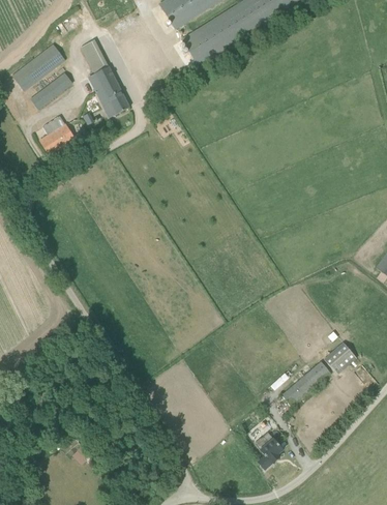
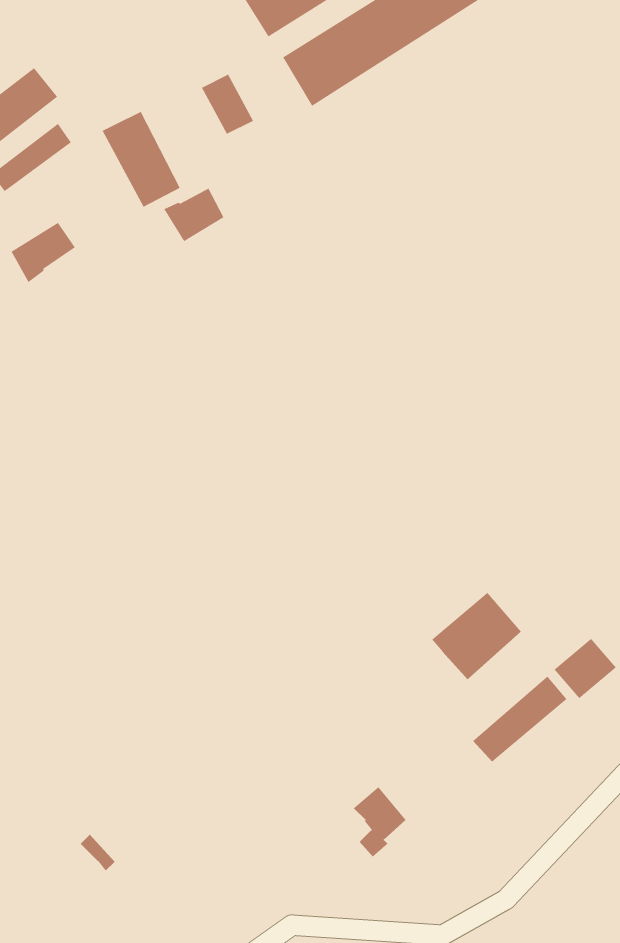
building: [81,39,109,71] -> [201,74,254,135]
building: none -> [163,188,225,242]
building: none -> [431,592,522,680]
building: [255,433,282,470] -> [353,786,406,858]

